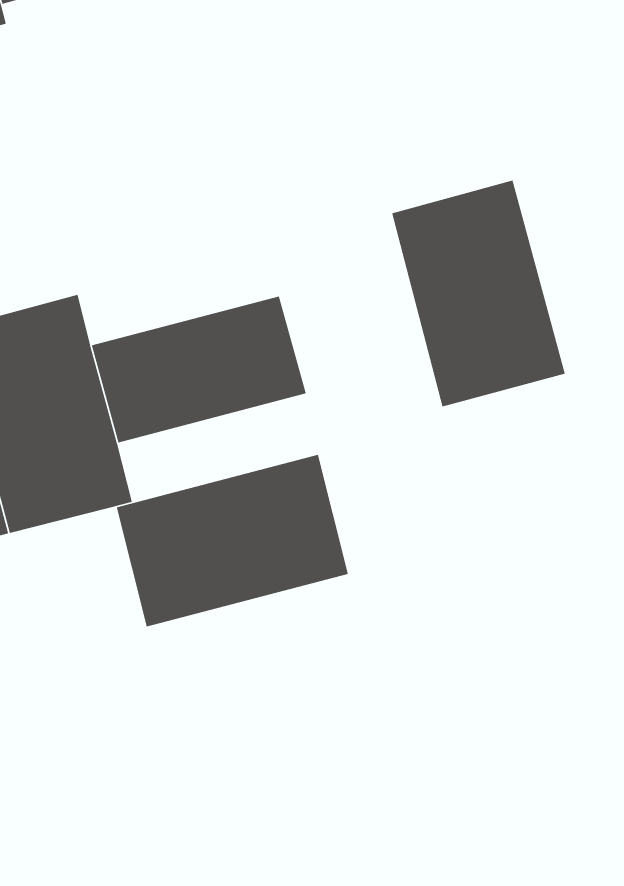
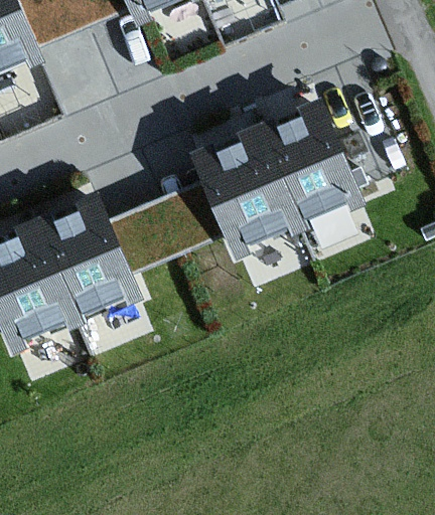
building: none -> [196,129,300,254]
building: [116,454,349,628] -> none

